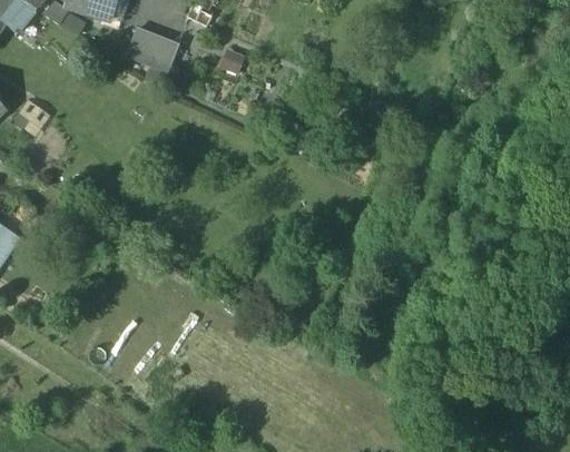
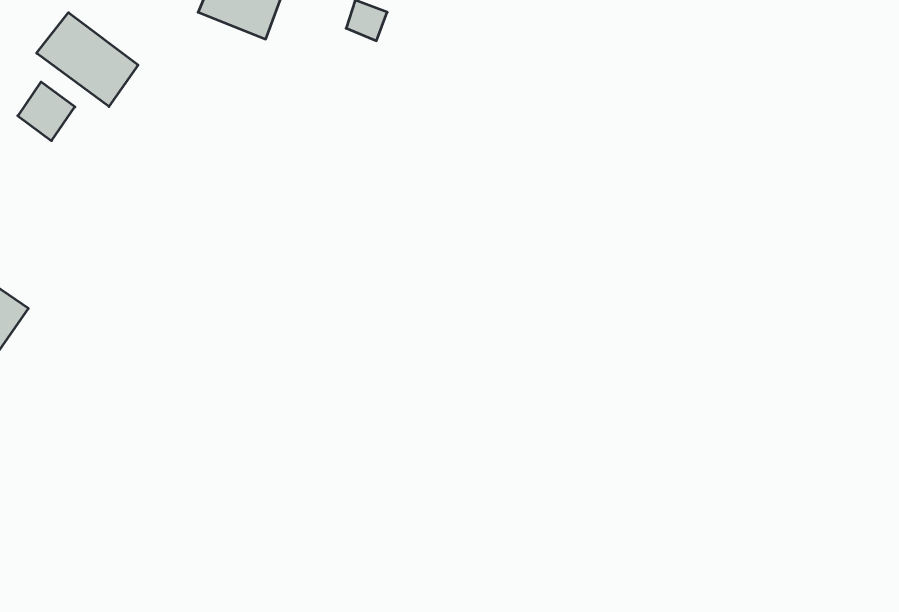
building: none -> [37,13,138,107]

